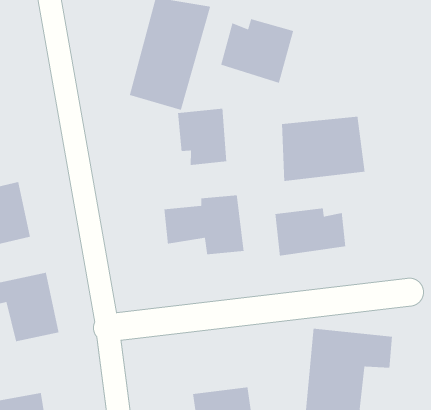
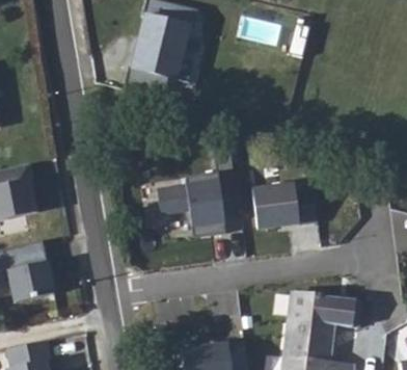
building: [220,18,294,84] -> none
building: [177,108,227,166] -> none
building: [281,116,366,182] -> none

